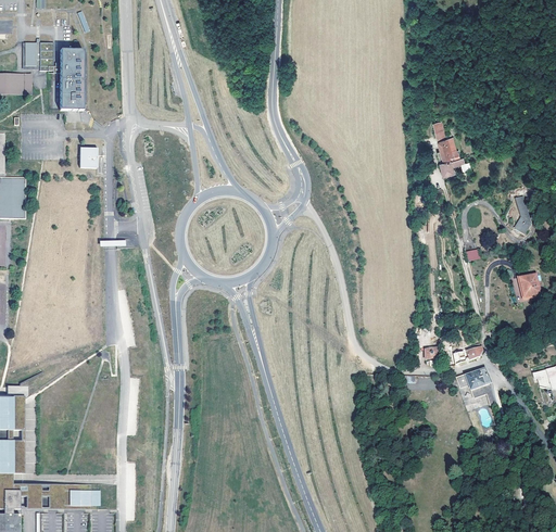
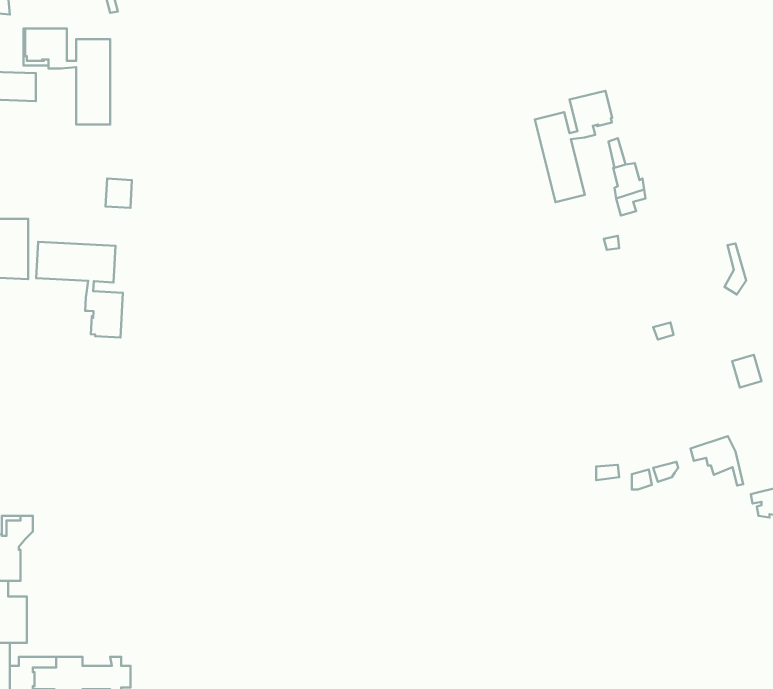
building: none -> [535,91,612,202]
building: none -> [36,242,123,338]
building: [457,370,494,405] -> [691,436,743,486]

